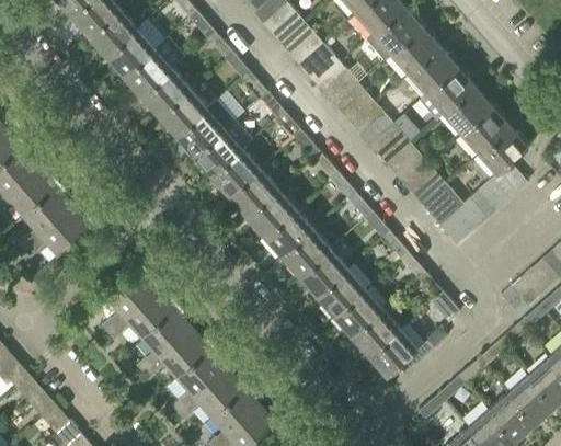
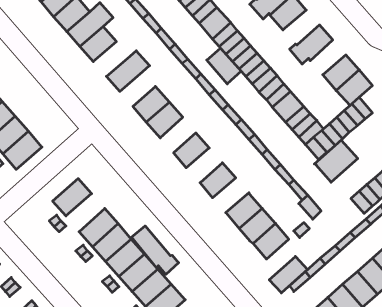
building: [410,48,458,94] -> none
building: [446,88,493,134] -> none
building: [159,90,207,136] -> none
building: none -> [207,48,241,84]
building: [194,119,253,175] -> none
building: [248,190,295,237] -> none
building: none -> [314,140,358,182]
building: [282,230,330,276] -> none
building: [317,270,365,316] -> none
building: [123,290,174,341] -> none
building: none -> [131,226,179,274]
building: none -> [269,256,308,293]

